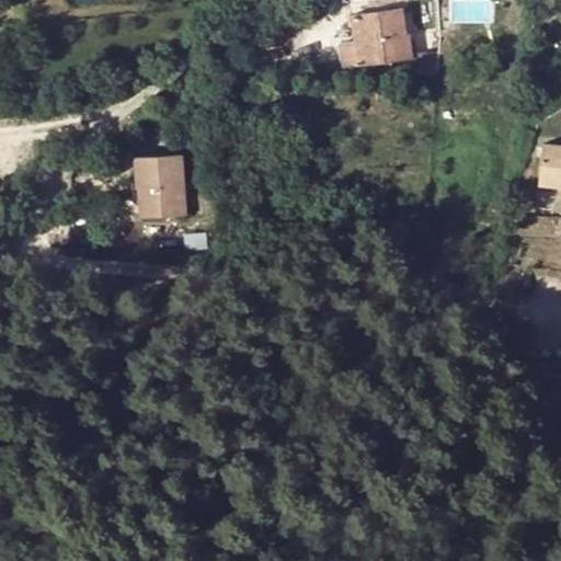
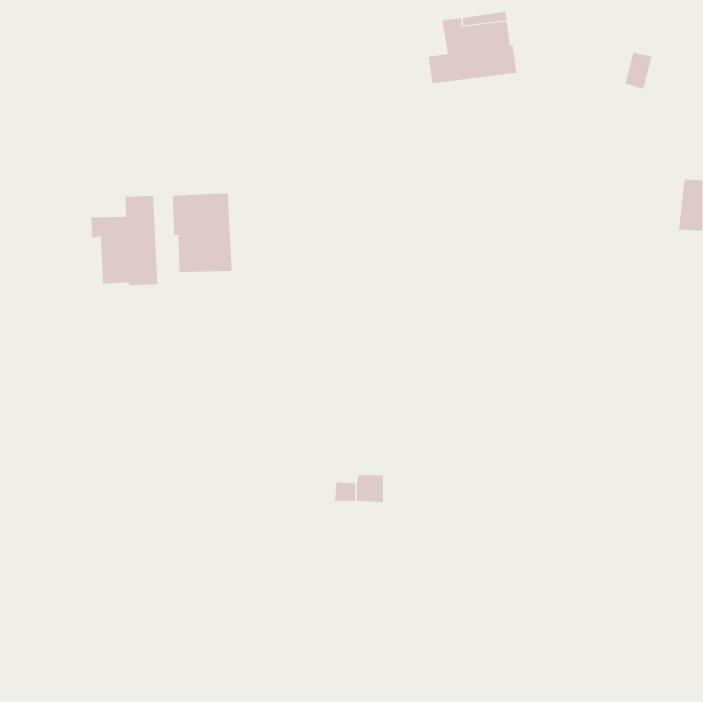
building: none -> [91,195,158,286]

